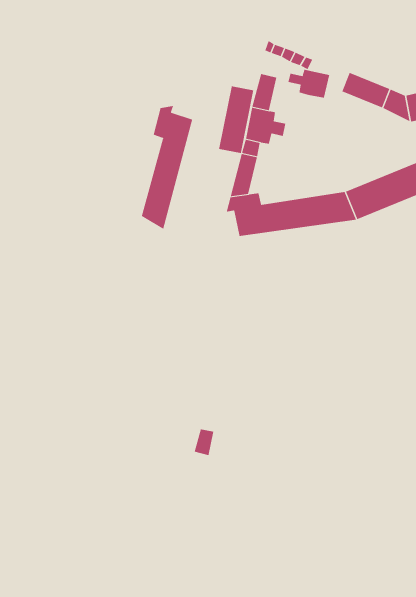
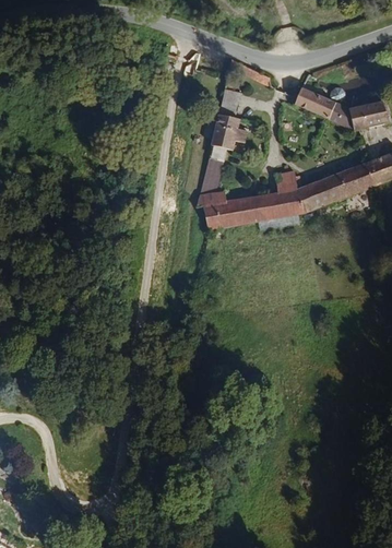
building: [288,69,330,99] -> none
building: [219,85,254,154] -> none
building: [141,105,193,230] -> none

